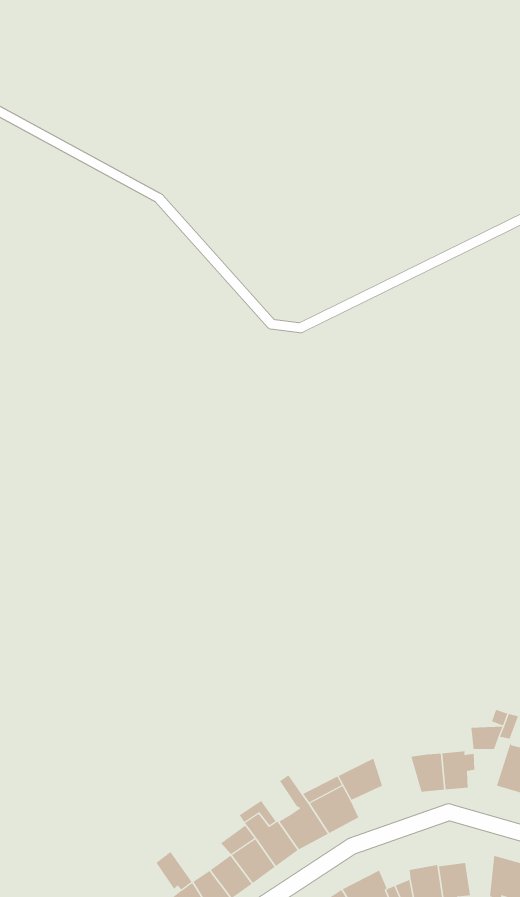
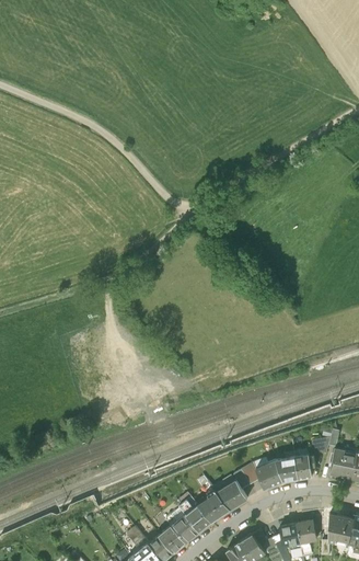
building: none -> [254,457,283,489]

